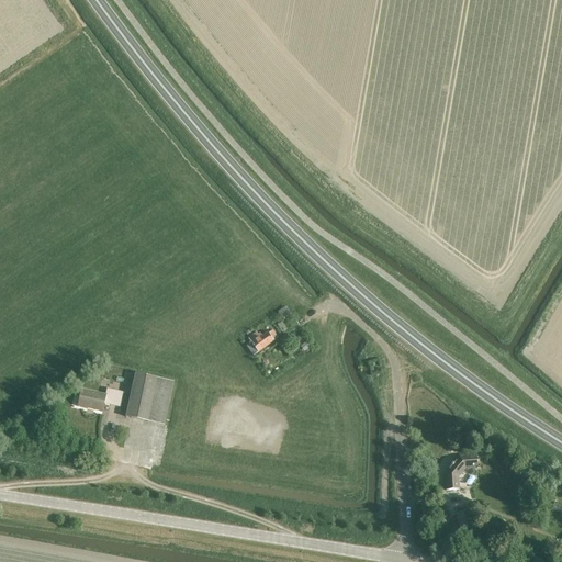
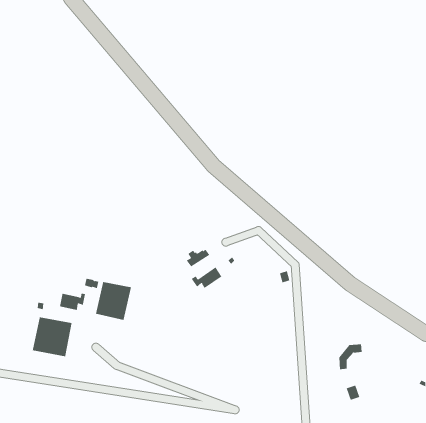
building: none -> [191,267,222,289]
building: none -> [32,317,72,357]

